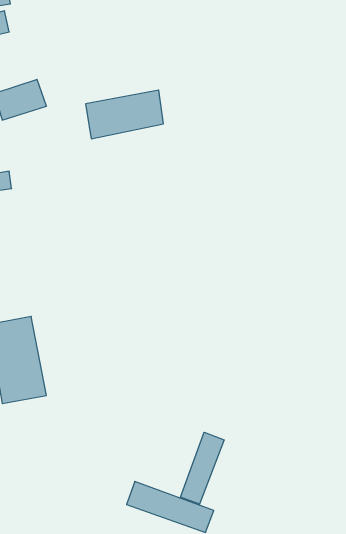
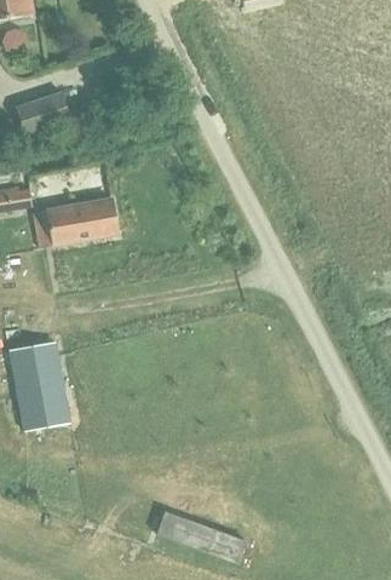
building: [86,90,163,139] -> [35,197,116,248]
building: [180,432,224,504] -> none

